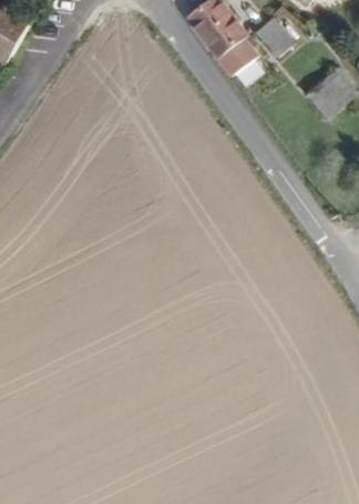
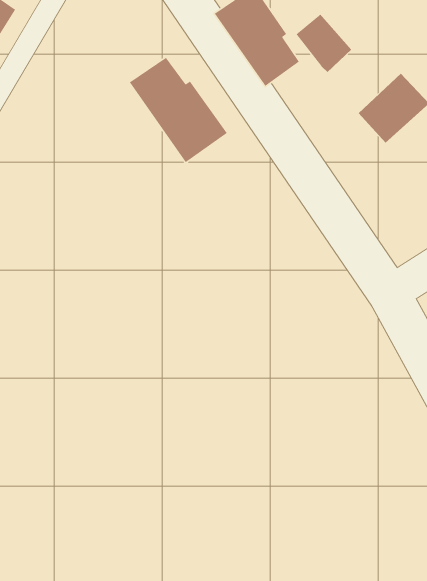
building: none -> [129,57,228,163]

